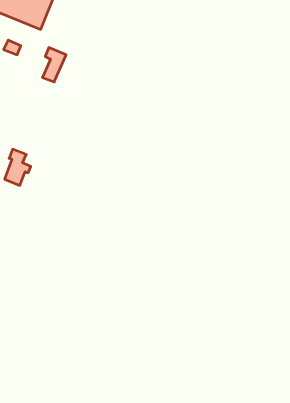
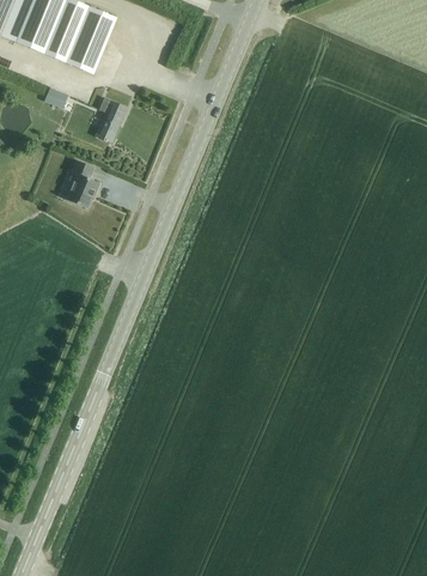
building: [5,149,31,185] -> [65,158,99,206]

